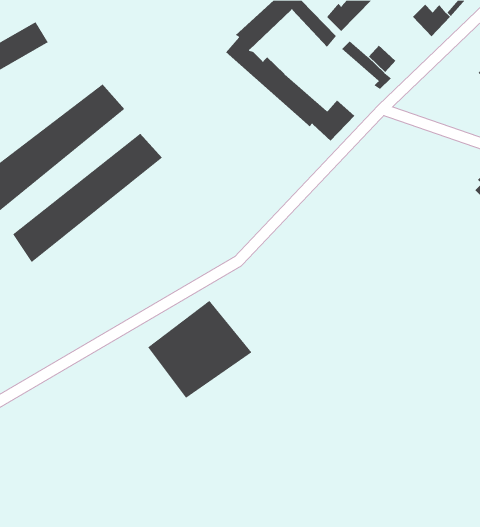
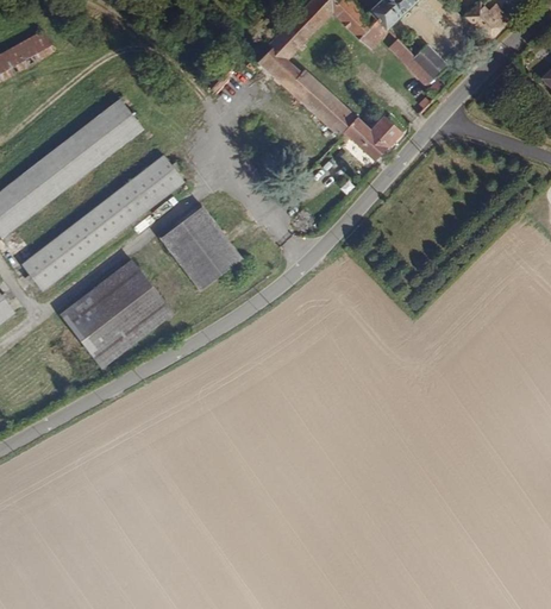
building: none -> [163,202,243,285]
building: [147,300,252,399] -> [62,257,179,366]

